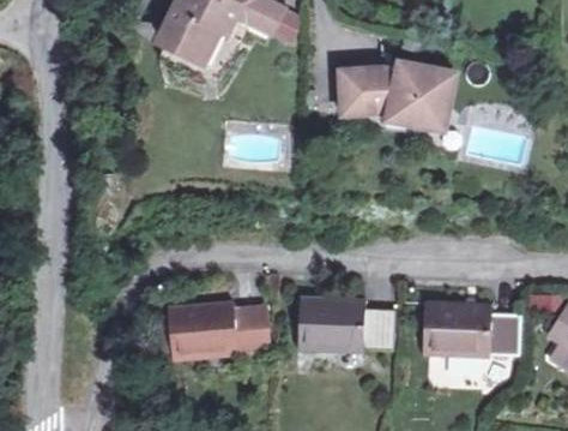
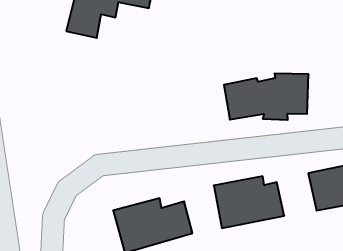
building: [339,67,452,131] -> [224,74,309,120]

